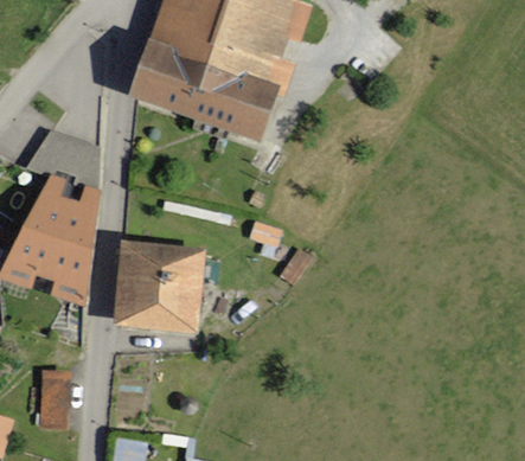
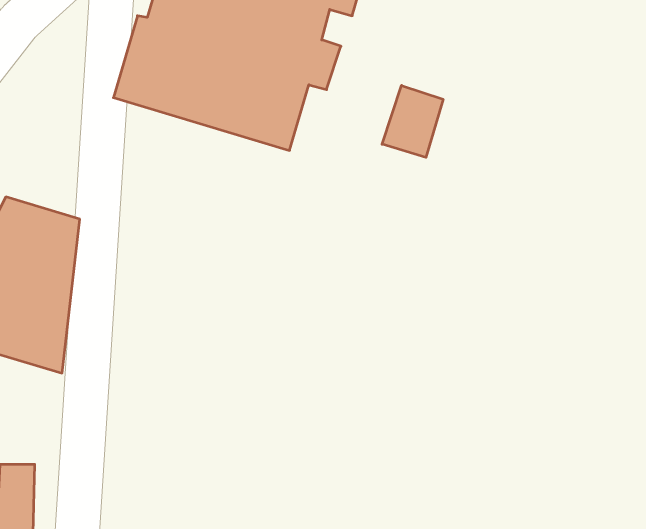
building: none -> [382,85,443,157]
building: [114,243,200,333] -> none

